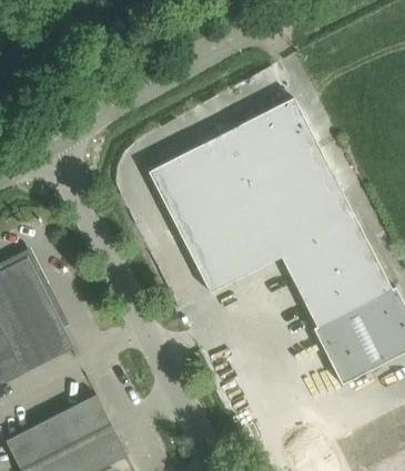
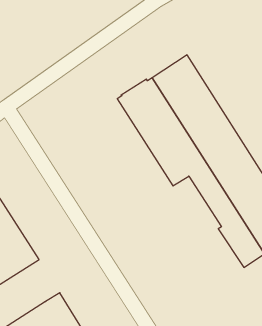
building: [148,146,259,294] -> none

